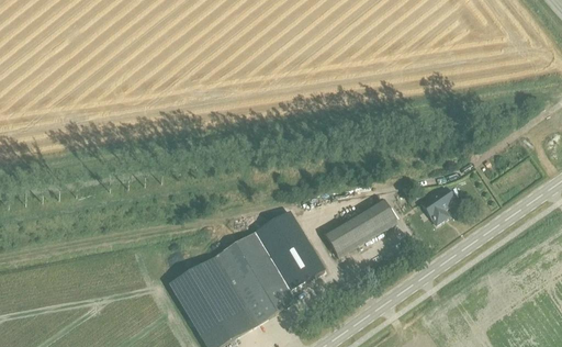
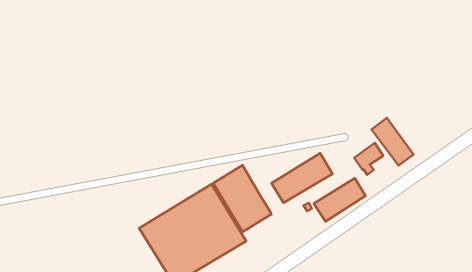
building: none -> [372,118,414,165]
building: none -> [314,178,366,221]

